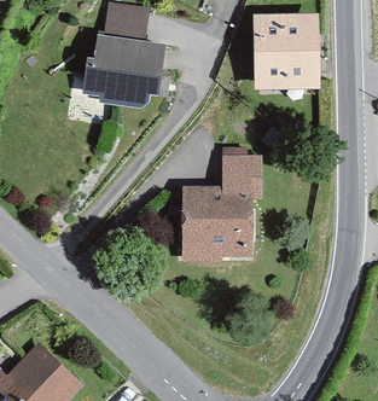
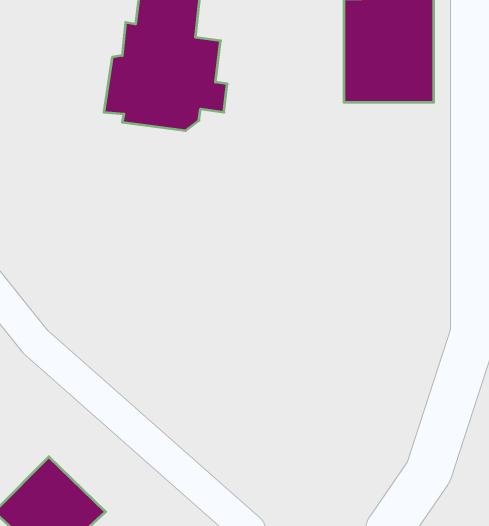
building: [181,156,261,255] -> none

